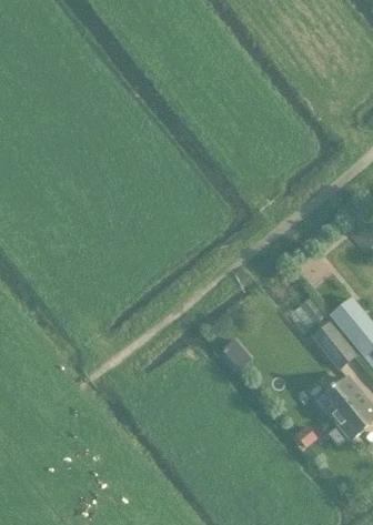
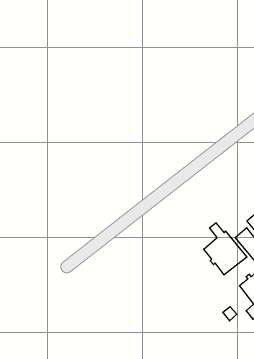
building: none -> [204,223,247,275]

